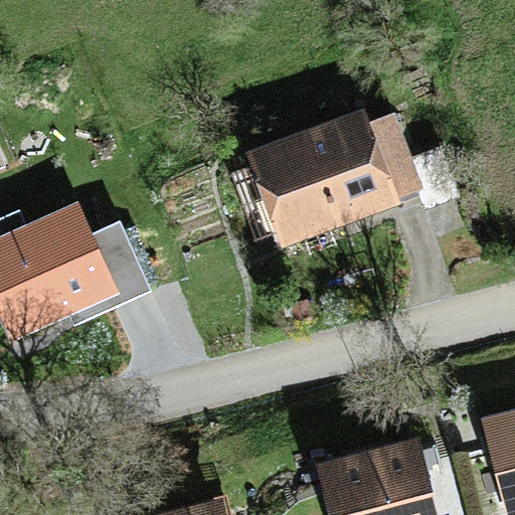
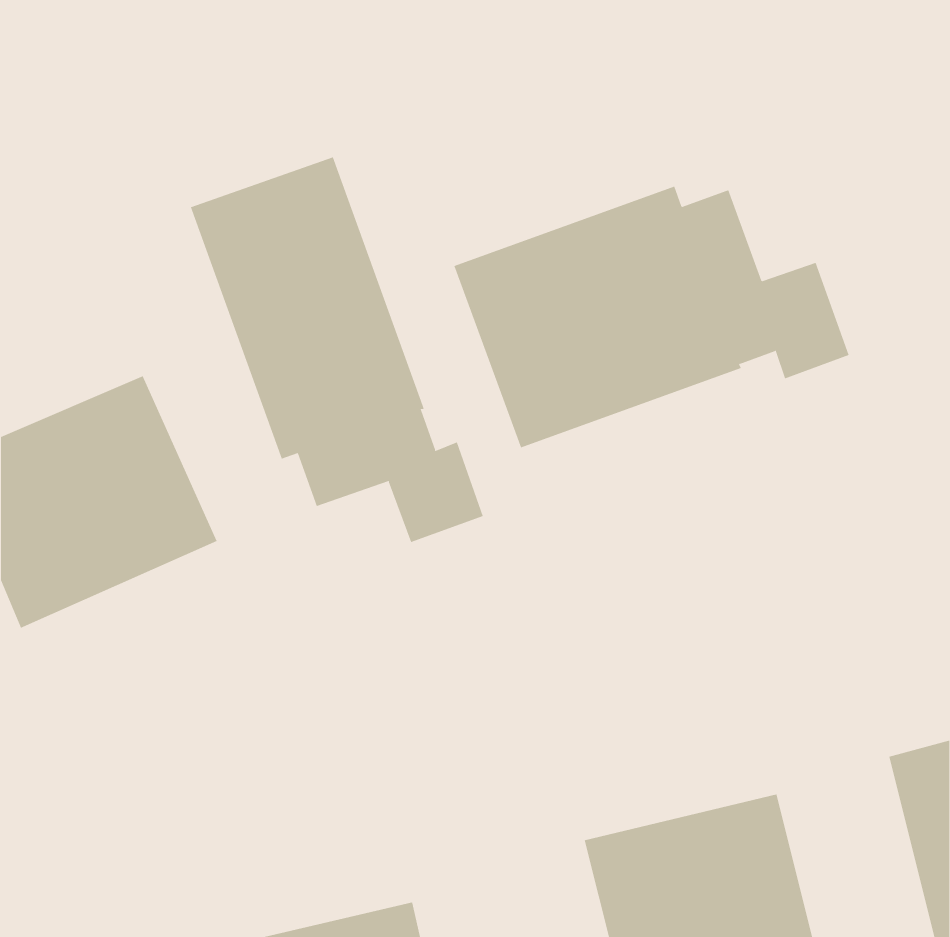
building: none -> [190,156,484,543]

